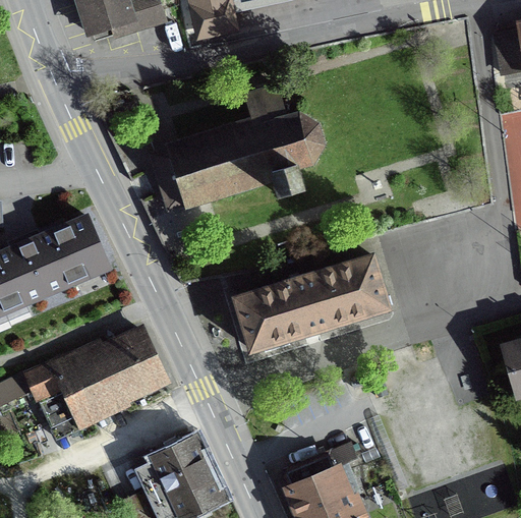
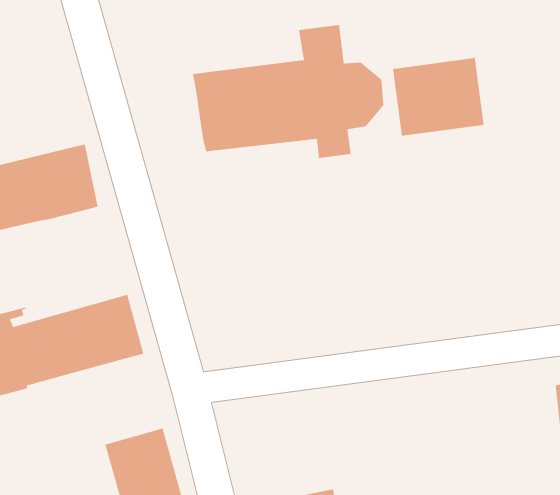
building: none -> [392,57,484,137]
building: [236,256,390,351] -> none

